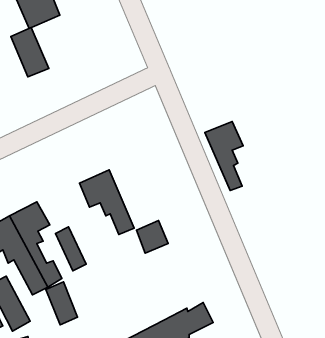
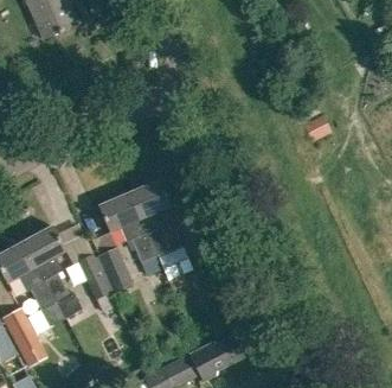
building: [11,27,49,77] -> none
building: [205,122,243,191] -> [130,179,172,254]
building: [46,282,78,325] -> [94,247,128,293]

